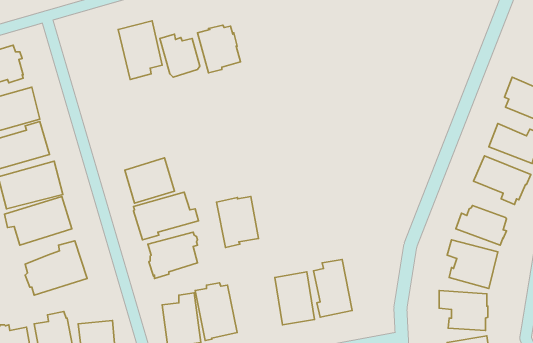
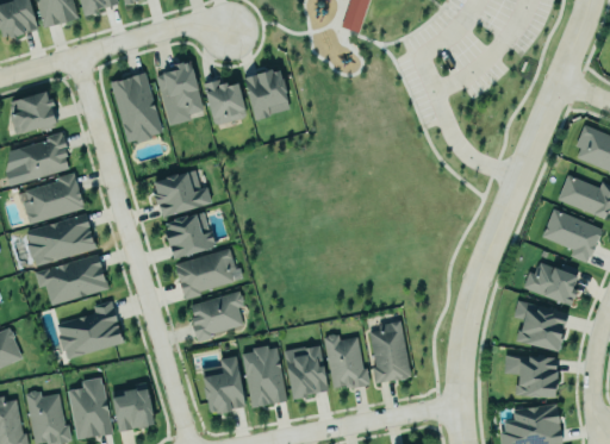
building: none -> [110,71,162,143]
building: none -> [152,170,211,218]
building: [217,196,259,247] -> [282,345,328,400]

